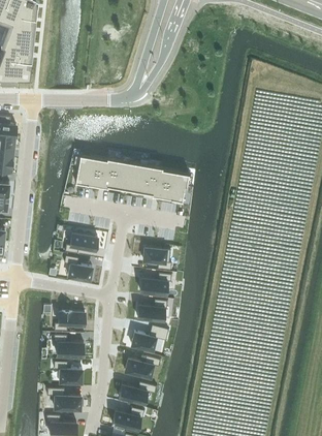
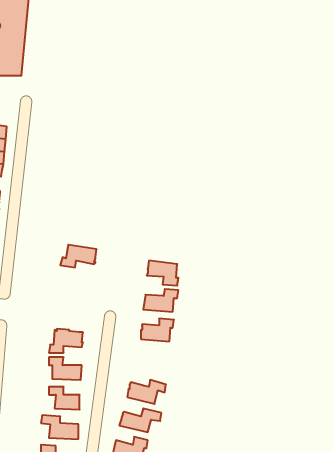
building: [74,156,189,203] -> none
building: [64,256,92,281] -> none
building: [131,326,168,351] -> none

